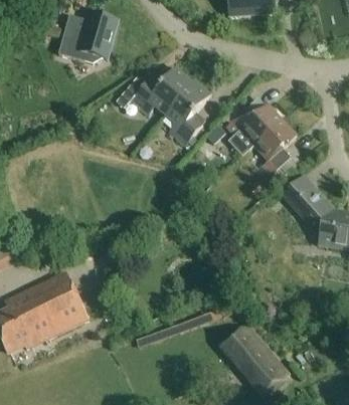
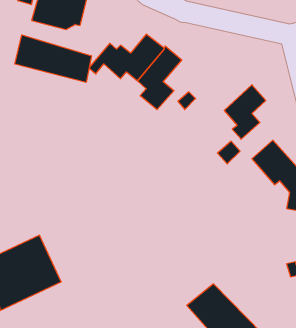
building: none -> [15,35,91,82]
building: [226,104,283,157] -> none

